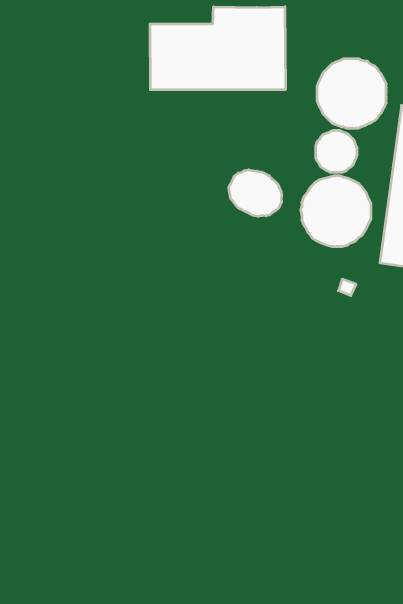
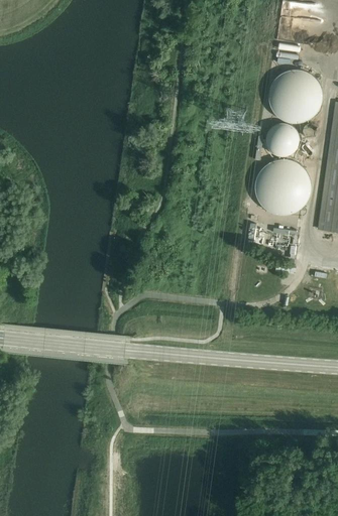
building: [150,7,285,90] -> none
building: [229,170,282,216] -> none

